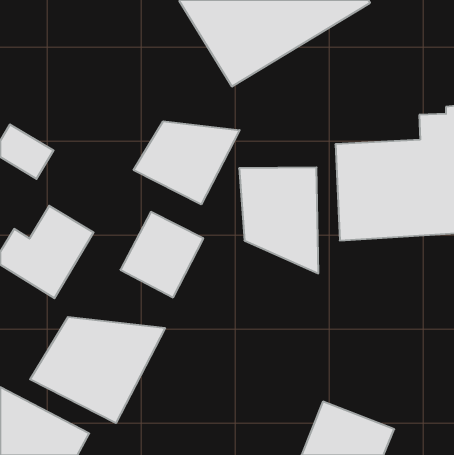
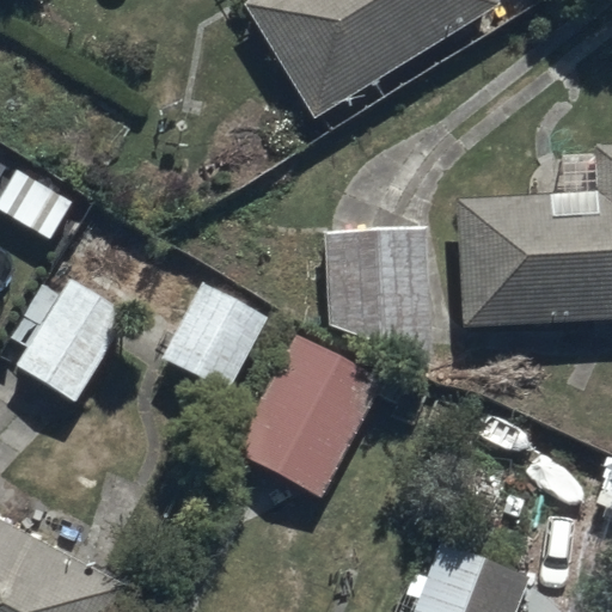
building: [134,121,240,204] -> none
building: none -> [231,330,384,497]
building: [30,317,165,423] -> none

